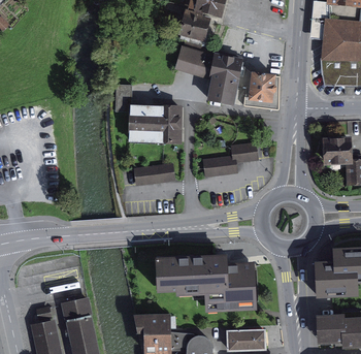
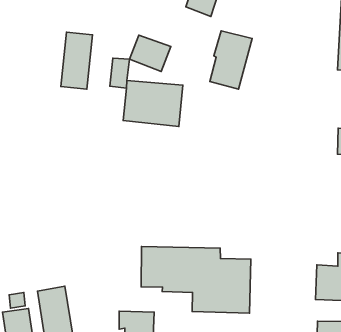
building: [174,46,211,78] -> [129,35,171,72]
building: none -> [61,32,93,89]
building: [247,72,275,104] -> none
building: [202,143,258,178] -> none
building: [133,164,174,187] -> none

